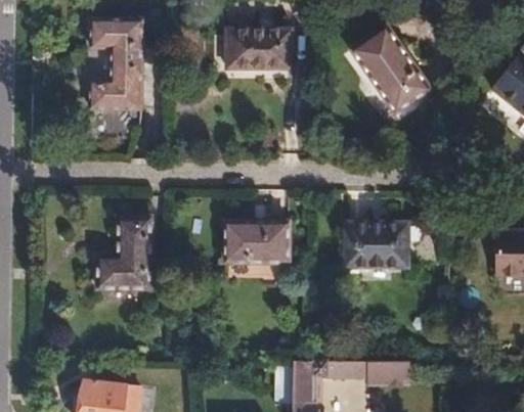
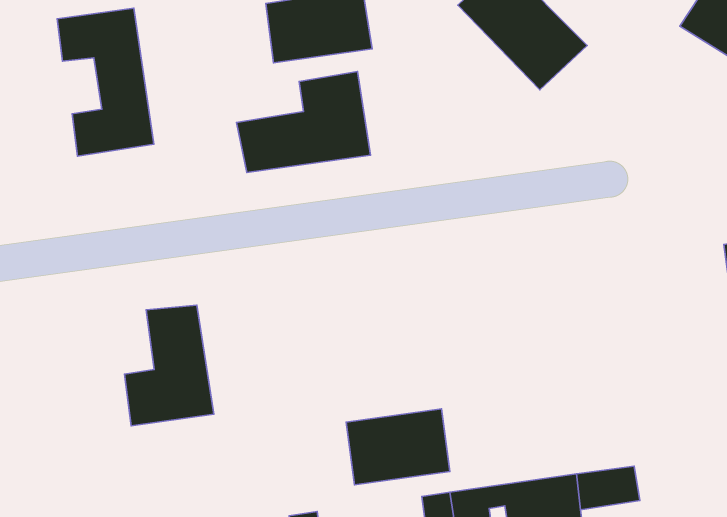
building: none -> [236,72,371,172]
building: [225,222,289,264] -> [346,409,450,485]
building: [343,224,405,268] -> none

